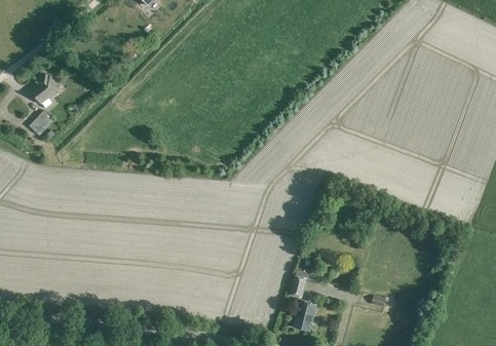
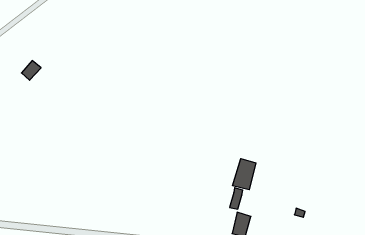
building: [31,73,61,104] -> none
building: none -> [233,159,256,190]

